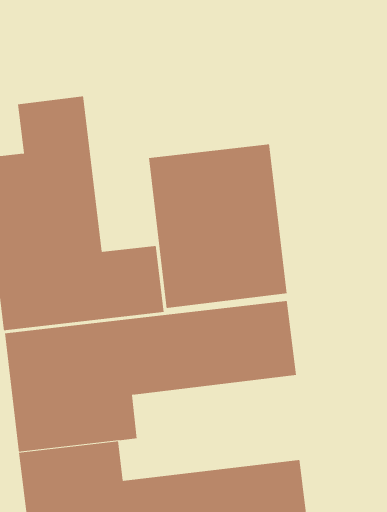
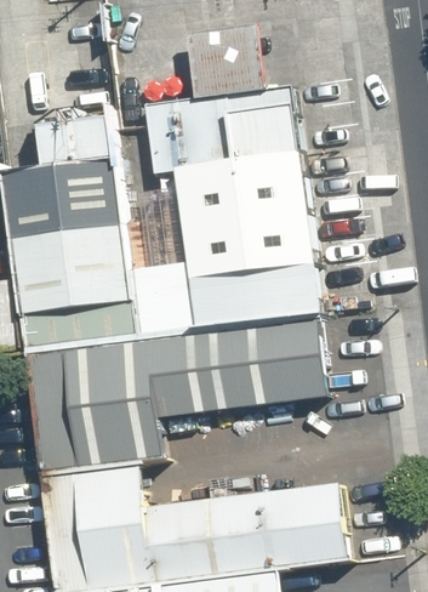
building: none -> [143,30,299,175]

